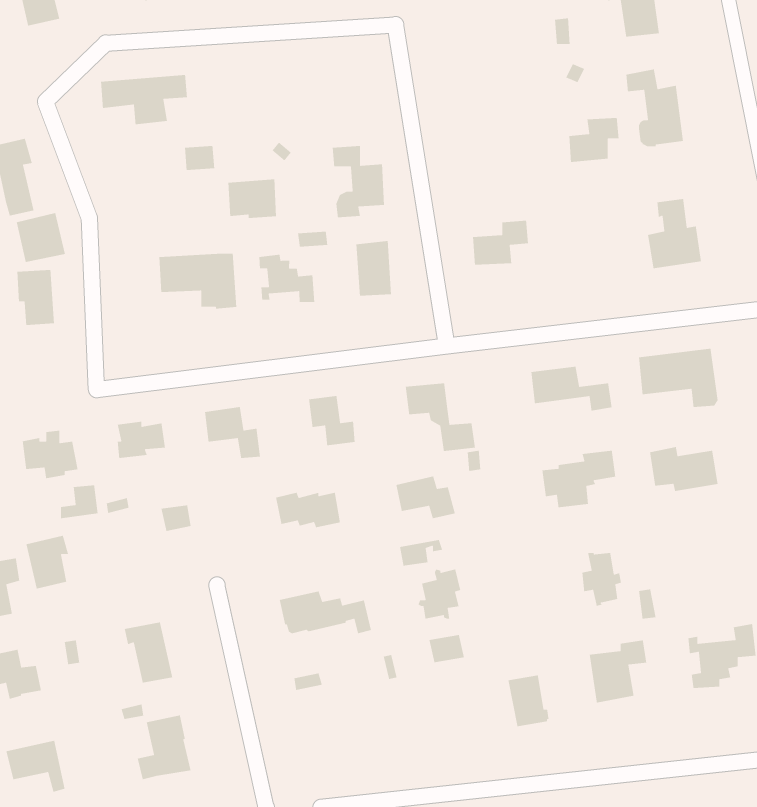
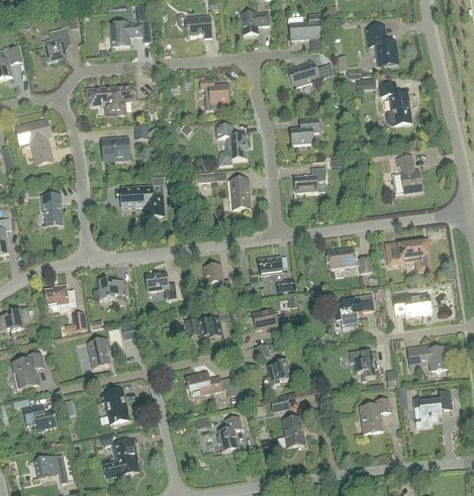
building: none -> [287,62,326,86]
building: none -> [200,78,228,109]
building: [568,117,619,163] -> [290,118,318,143]
building: [228,179,277,219] -> [102,136,129,159]
building: [16,212,66,263] -> none
building: [258,254,315,303] -> none
building: [25,535,69,589] -> [86,336,110,367]
building: none -> [407,344,447,371]
building: none -> [217,415,242,451]
building: [508,674,550,727] -> [282,416,305,445]

